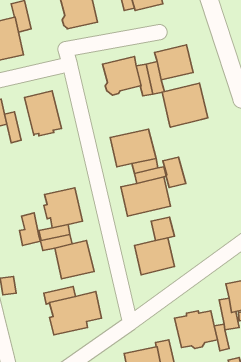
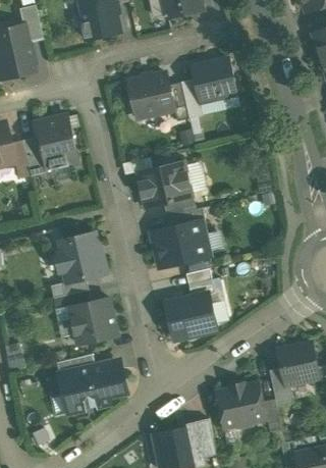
building: [162,83,208,127] -> none
building: none -> [21,137,47,176]
building: [163,157,186,188] -> none
building: [19,213,40,246] -> none

